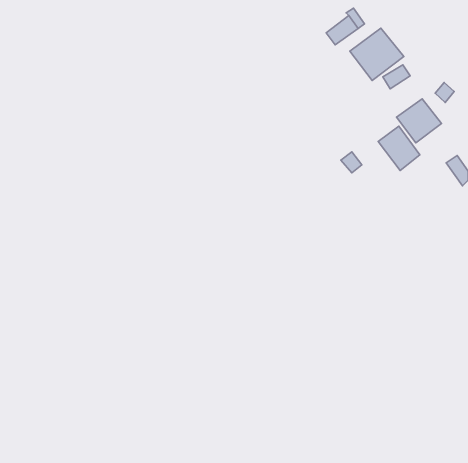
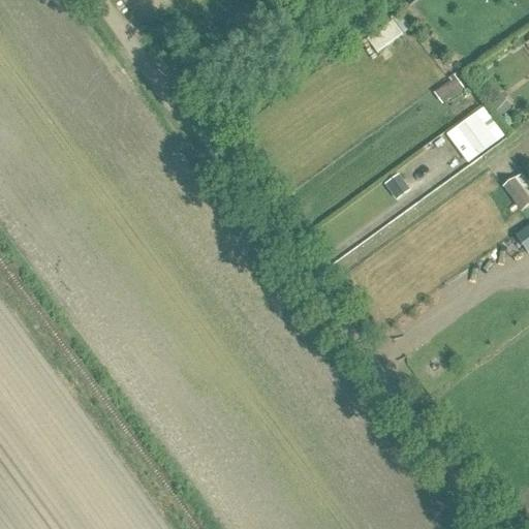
building: [350,28,404,80] -> none
building: [378,126,420,170] -> none

